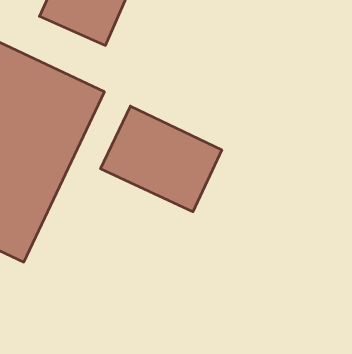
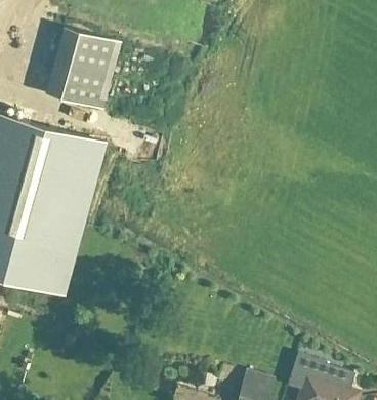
building: [101,106,222,212] -> none

